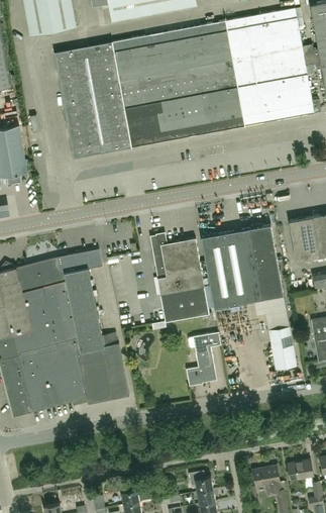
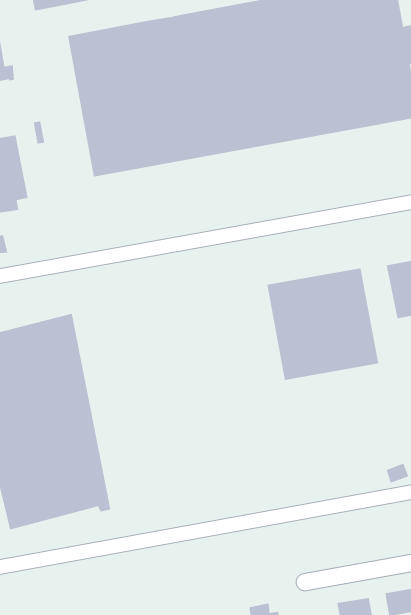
building: [149,234,208,321] -> none
building: [59,249,128,404] -> none
building: [268,326,296,370] -> none
building: [186,332,220,386] -> none

